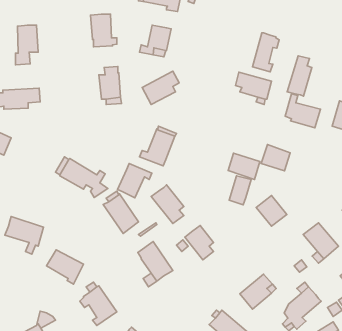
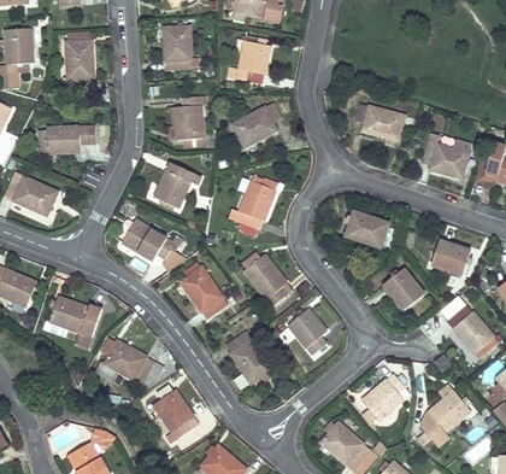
building: [252,33,279,72] -> none
building: [287,56,312,96] -> none
building: [261,145,290,171] -> [431,240,470,275]
building: [118,163,152,198] -> [154,163,200,209]
building: [229,176,251,205] -> none

